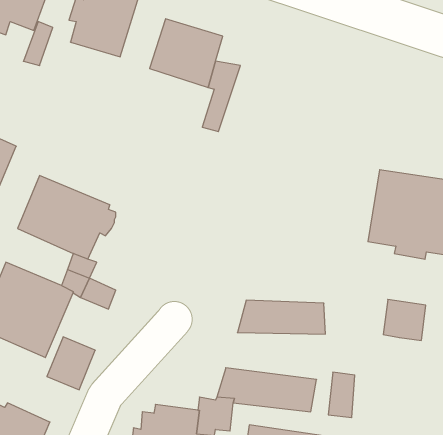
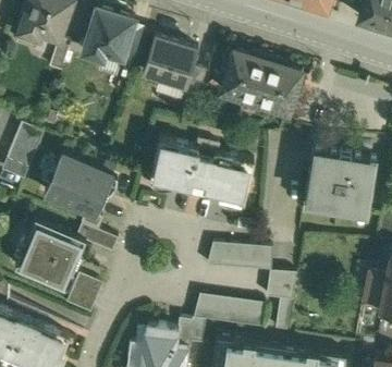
building: none -> [221,51,305,114]
building: none -> [149,139,254,204]
building: [383,299,426,340] -> [267,271,298,302]

